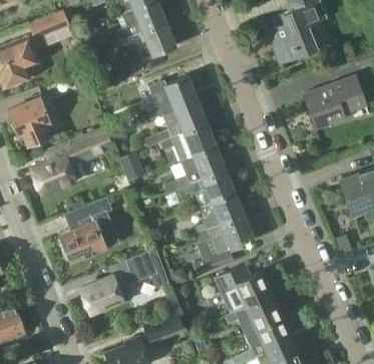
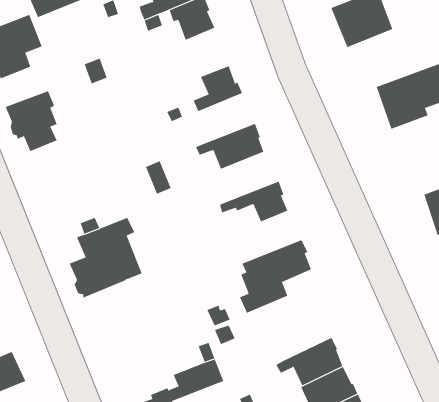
building: [144,99,209,147] -> none
building: [32,127,116,195] -> none
building: [165,146,228,193] -> none
building: [195,194,246,236] -> none
building: [126,250,169,288] -> none
building: [214,268,270,314] -> none
building: [79,273,130,314] -> none

